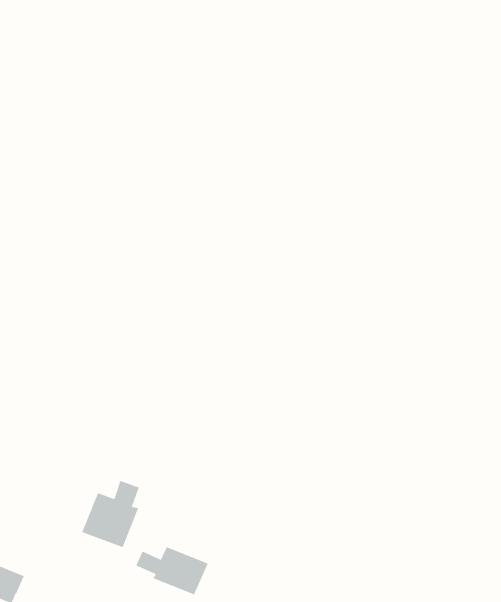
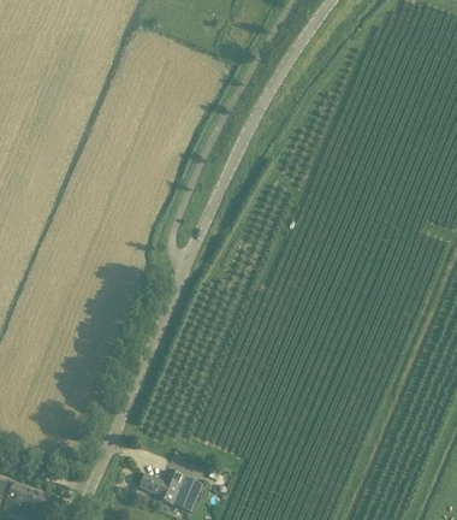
building: [81,480,140,548] -> none

